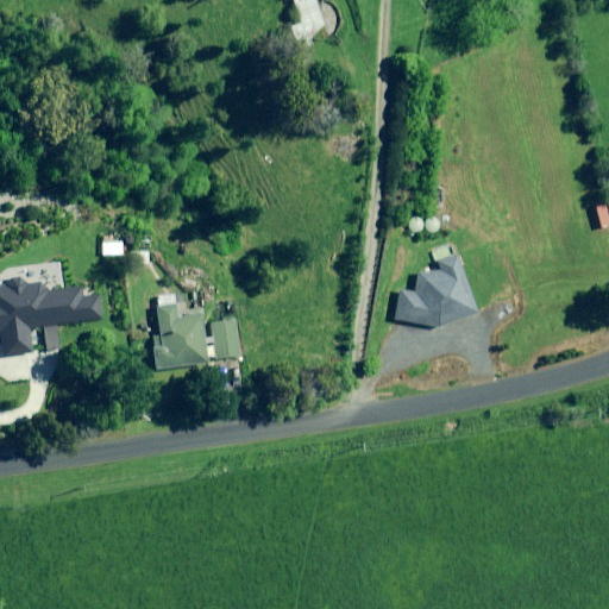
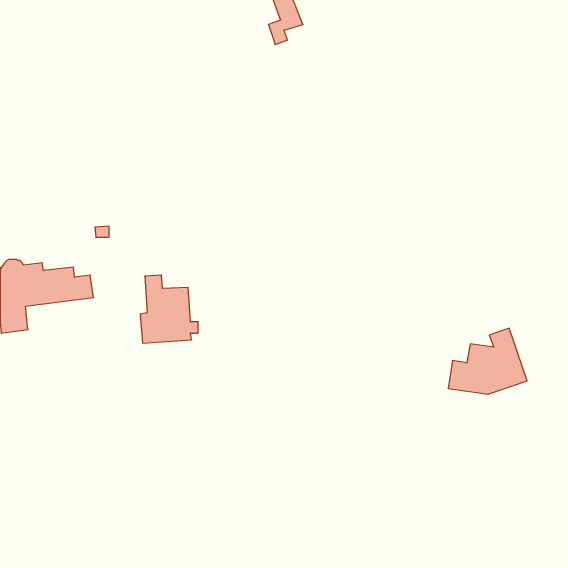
building: [394,255,478,325] -> [448,328,527,394]
building: [211,319,240,357] -> none

